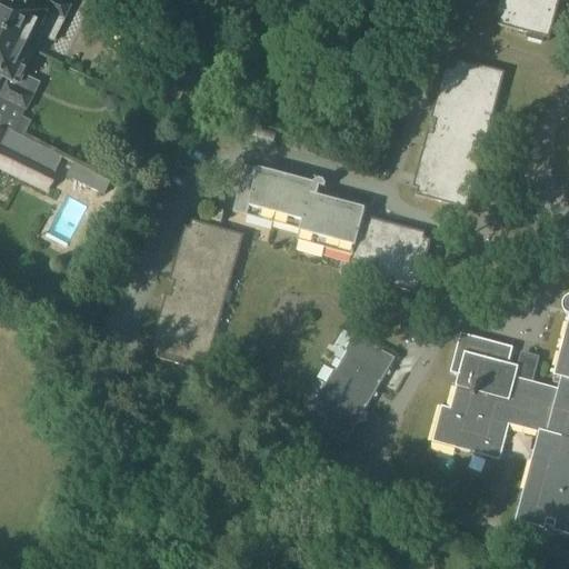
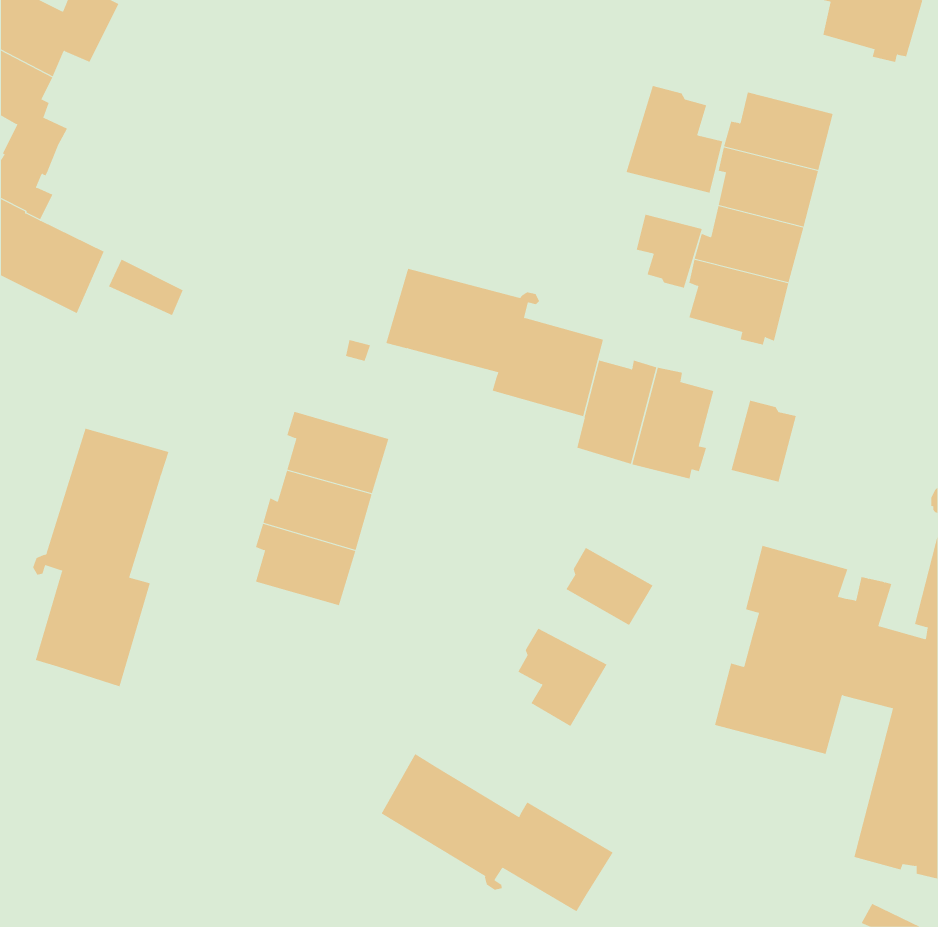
building: none -> [626,85,723,194]
building: none -> [636,214,703,288]
building: [178,216,244,266] -> none
building: none -> [731,400,797,482]
building: none -> [33,428,169,687]
building: [326,357,381,402] -> none
building: none -> [381,753,613,912]

